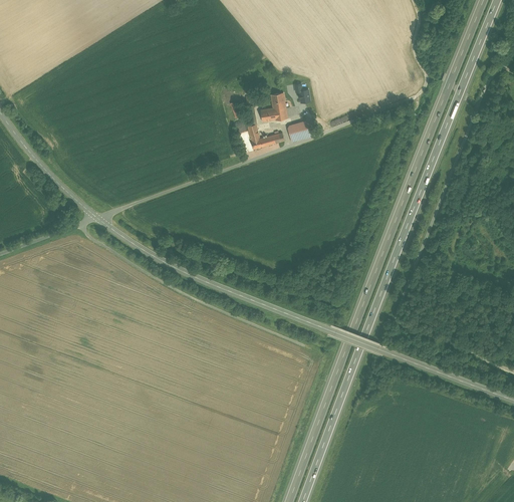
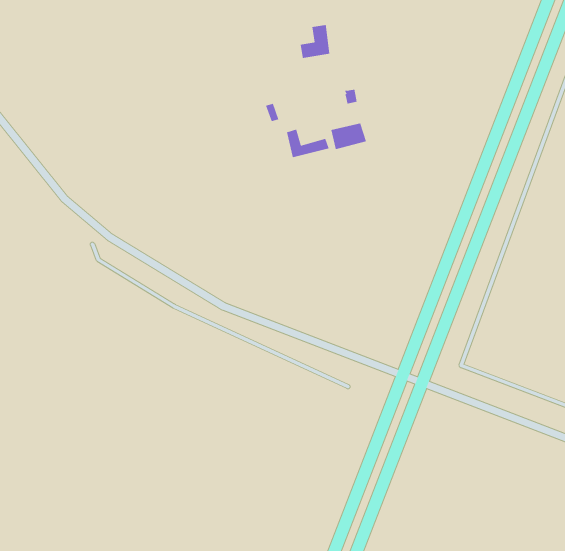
building: [260,92,286,121] -> [300,25,330,58]

